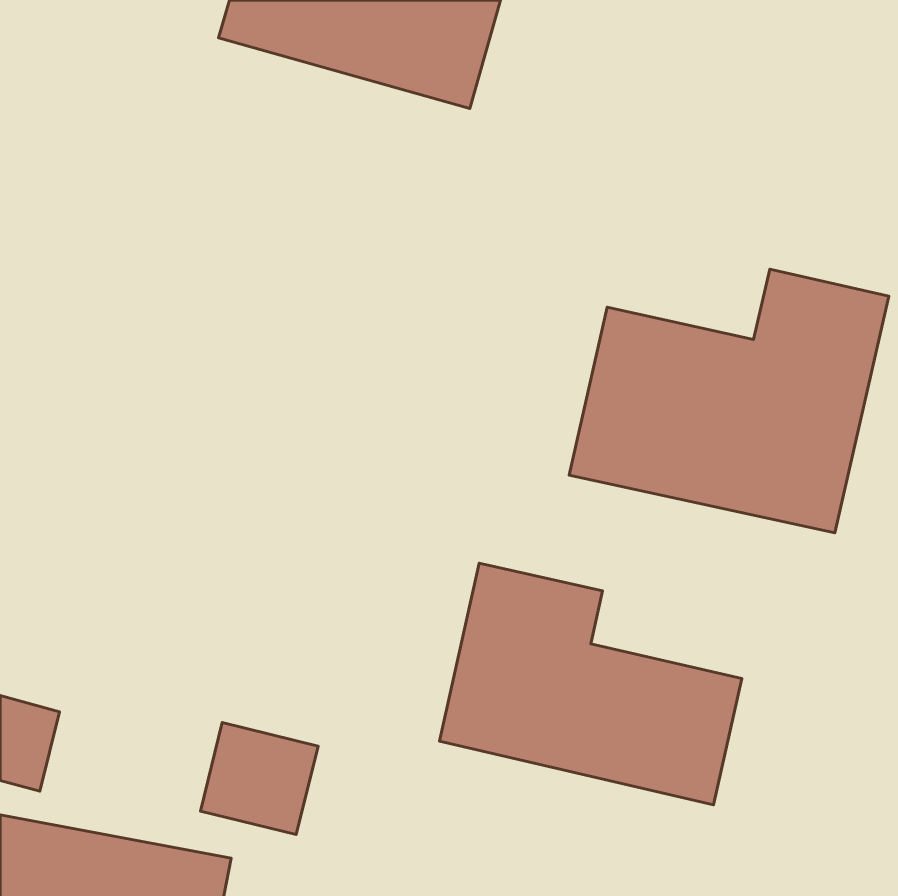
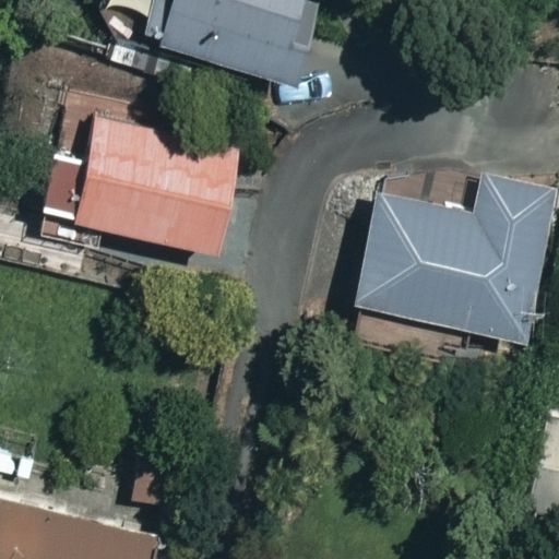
building: none -> [39,103,229,253]
building: [440,563,742,805] -> none

